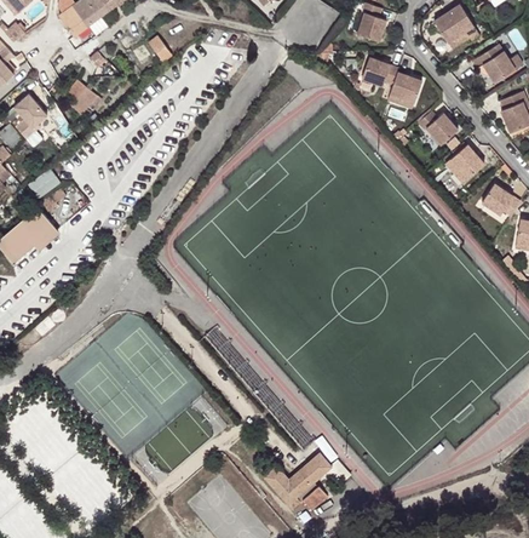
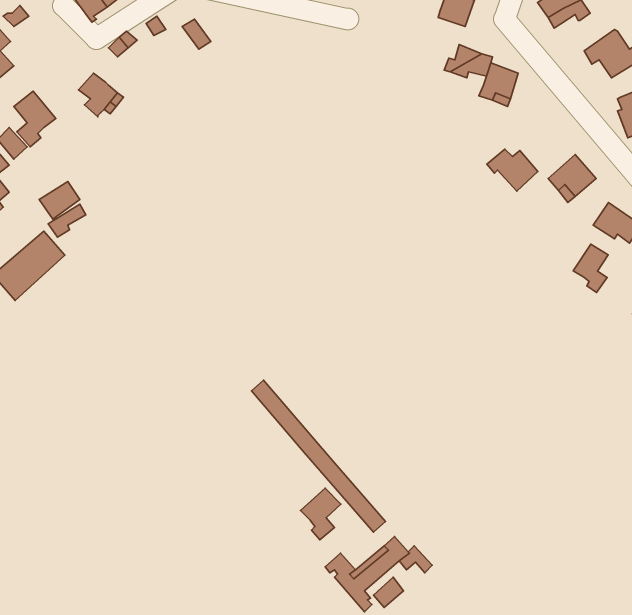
building: [415,111,456,145] -> [487,149,538,191]
building: none -> [573,244,608,292]
building: none -> [300,488,341,540]

